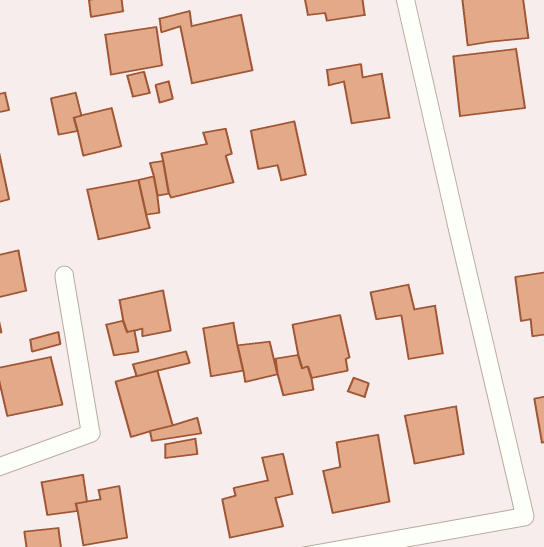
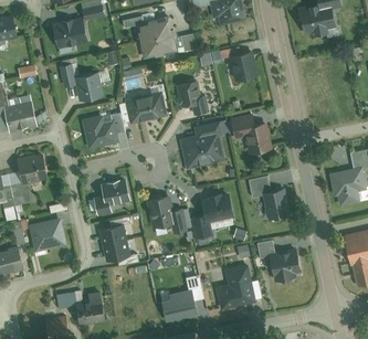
building: [105,27,162,75] -> [52,21,85,49]
building: [453,49,525,116] -> none
building: none -> [233,116,271,155]
building: none -> [179,117,228,169]

